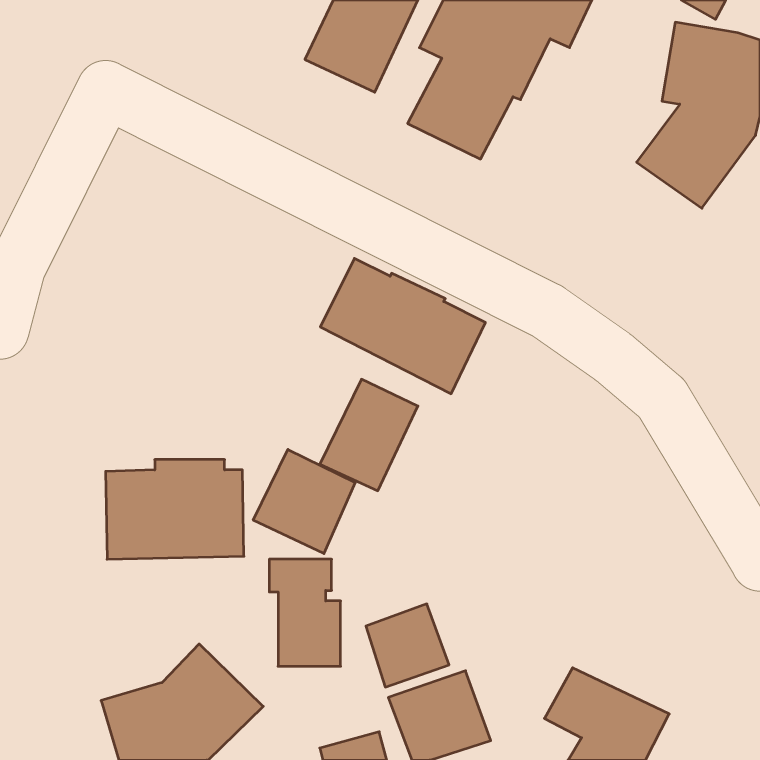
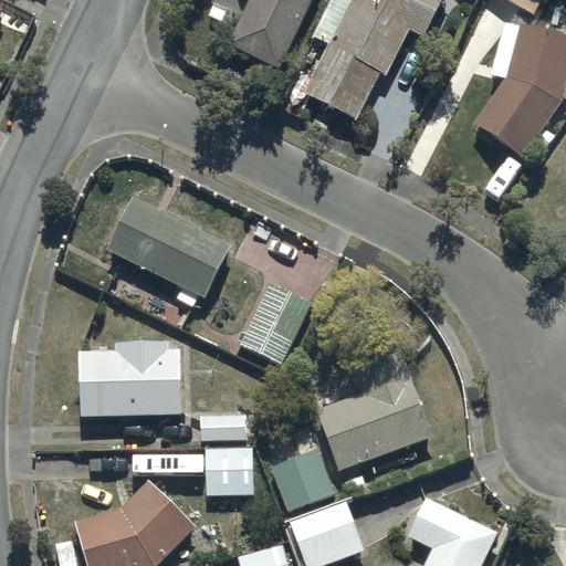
building: [320,258,485,394] -> [107,197,230,297]
building: [253,449,355,554] -> none
building: none -> [316,352,431,470]

